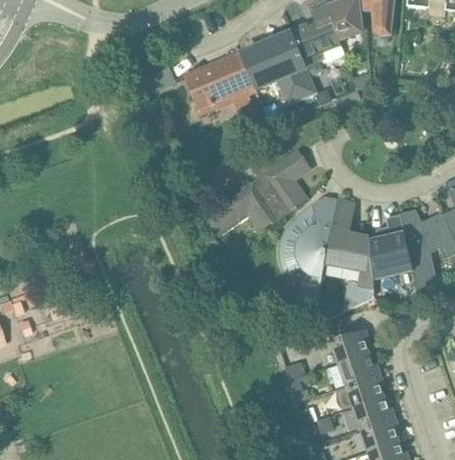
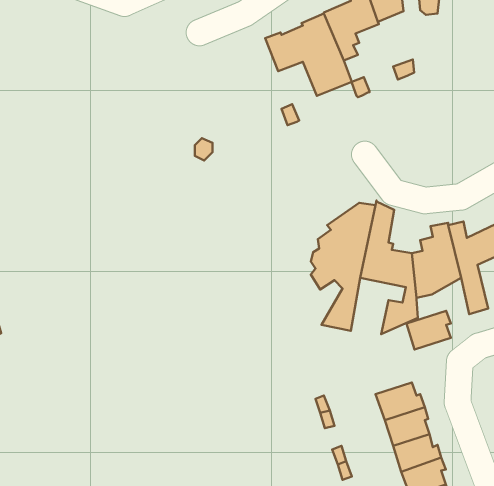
building: [182,50,255,110] -> none
building: [205,152,303,236] -> none
building: [330,329,368,362] -> [406,311,451,349]

